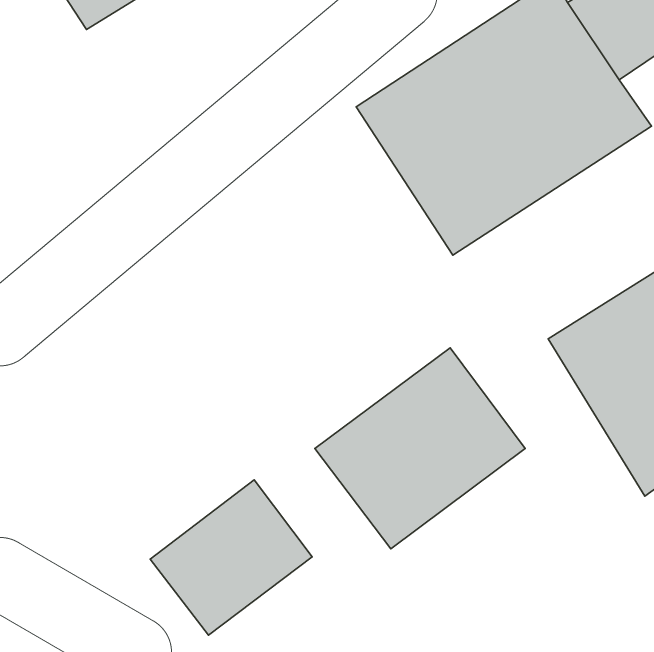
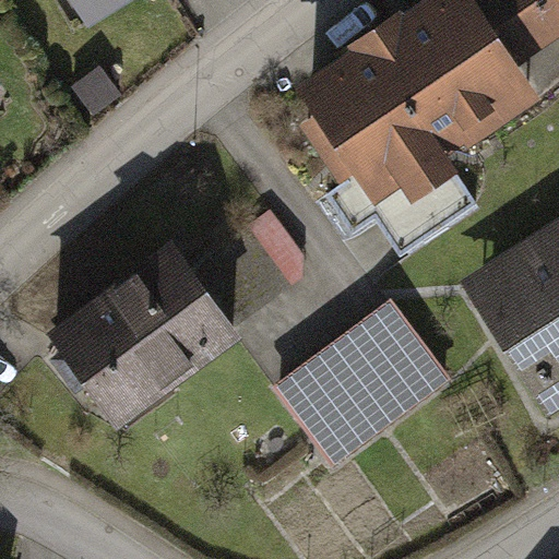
building: none -> [37,237,240,431]
building: [150,480,312,635] -> none

